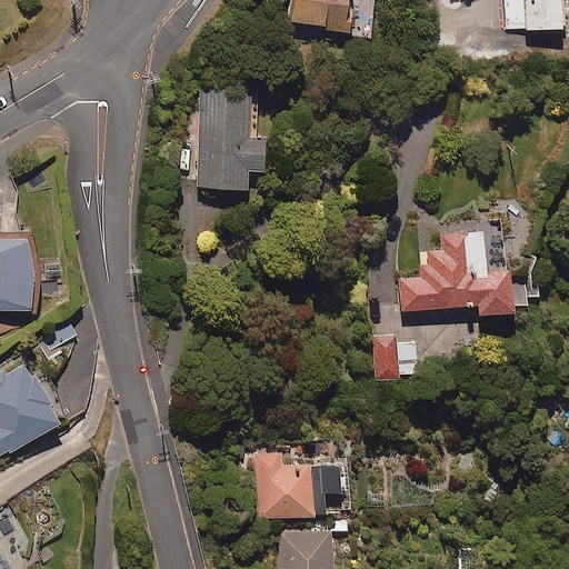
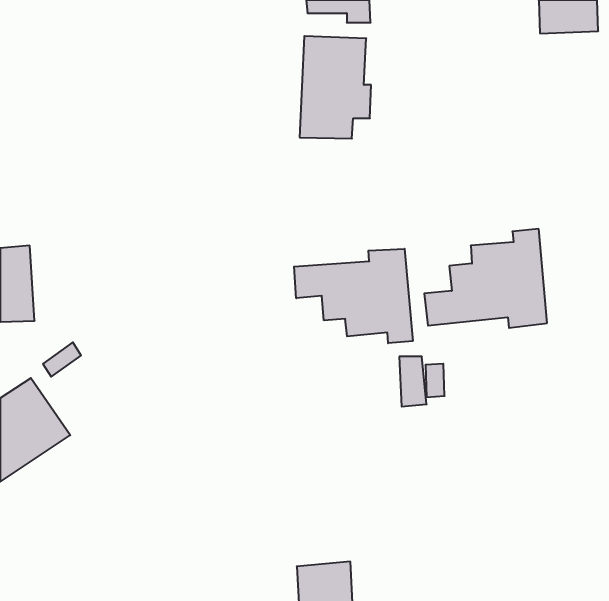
building: [193,91,260,187] -> [300,36,371,139]
building: none -> [294,249,413,343]
building: [256,455,346,521] -> none

